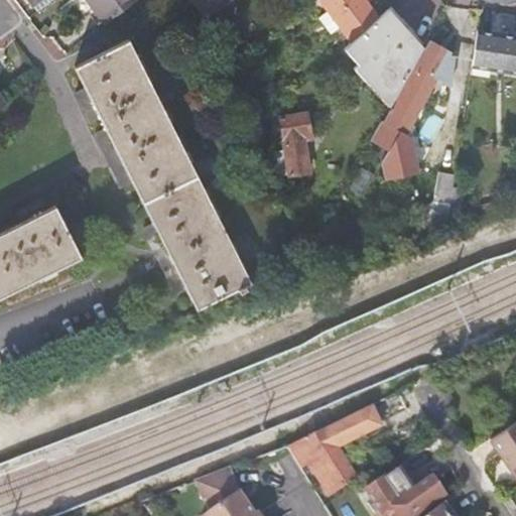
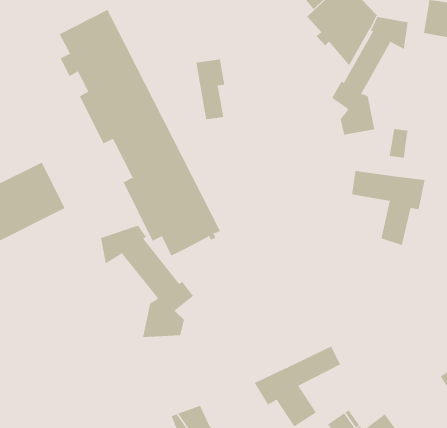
building: [283,108,315,174] -> [195,59,225,120]
building: none -> [351,170,425,246]
building: none -> [101,225,194,338]

